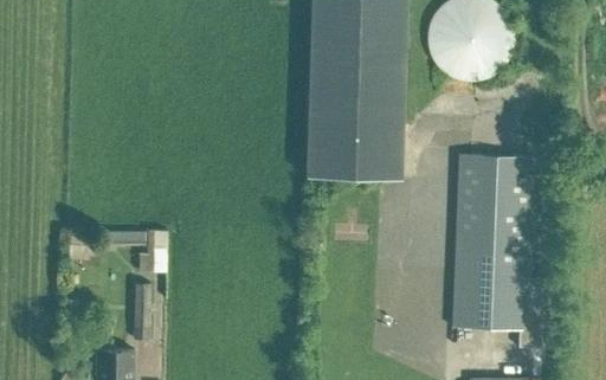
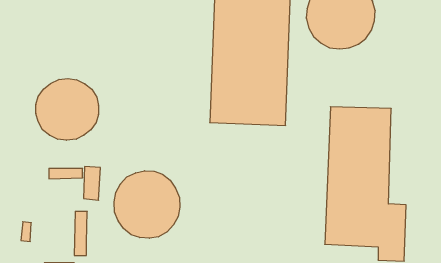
building: none -> [36,79,98,140]
building: none -> [114,171,180,238]

